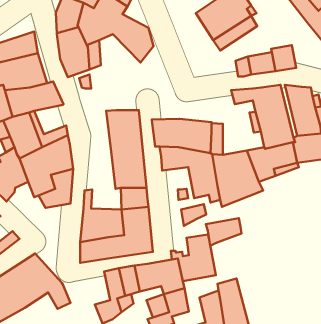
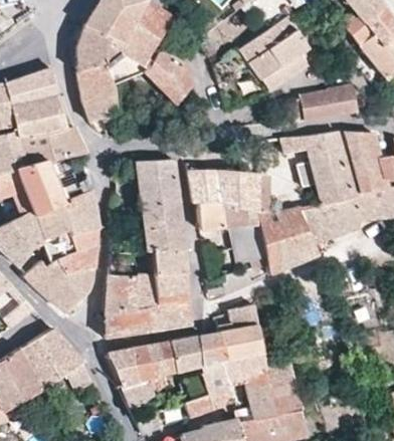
building: none -> [25,259,94,311]
building: [206,218,241,246] -> [225,352,266,384]
building: none -> [109,348,141,386]

